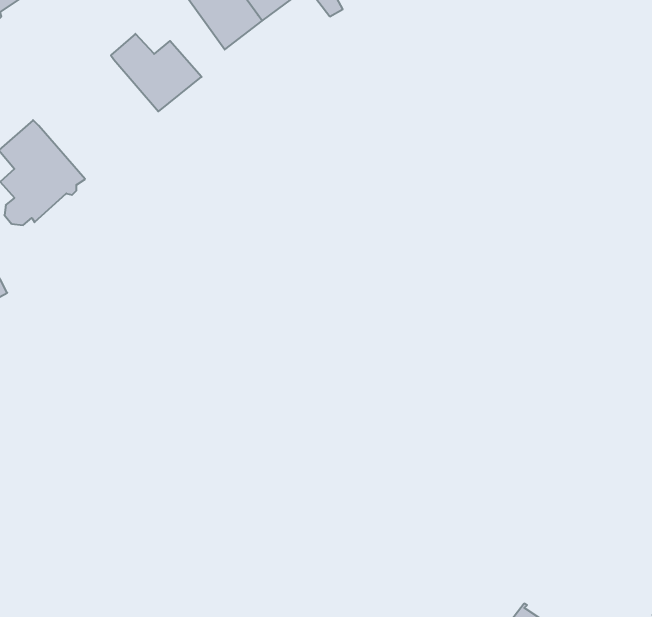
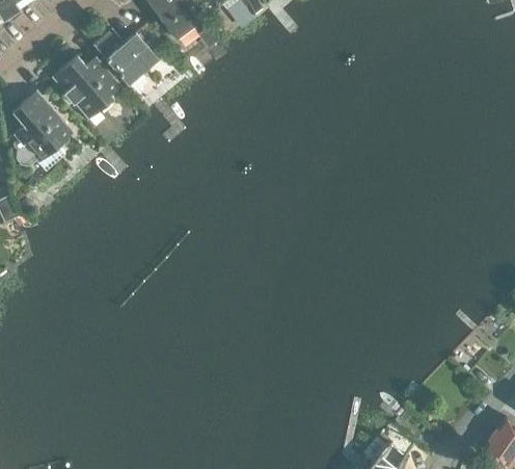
building: none -> [51,54,120,119]

